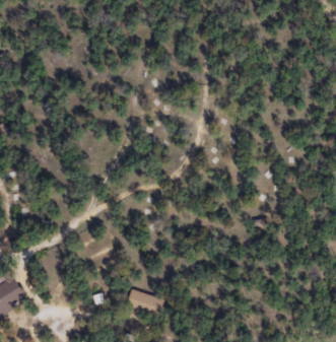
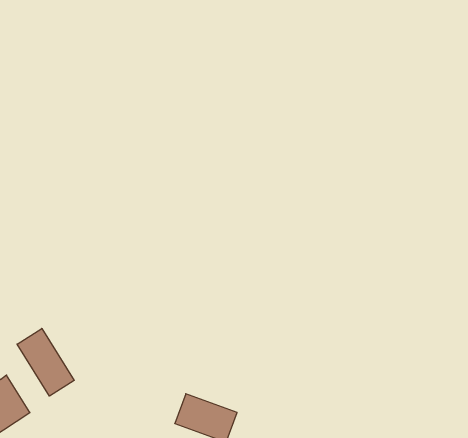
building: none -> [17,328,74,396]

